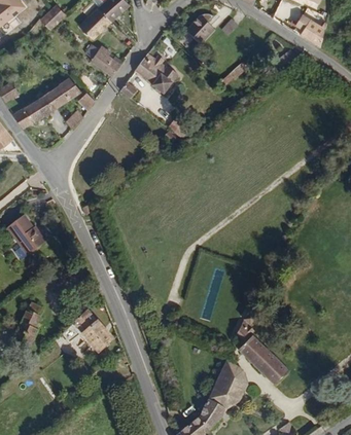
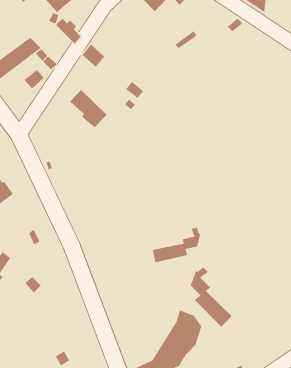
building: [135,52,176,95] -> [70,89,108,128]
building: none -> [152,227,201,263]
building: [69,314,109,354] -> none

